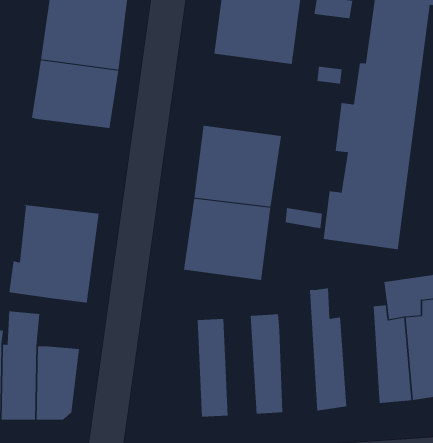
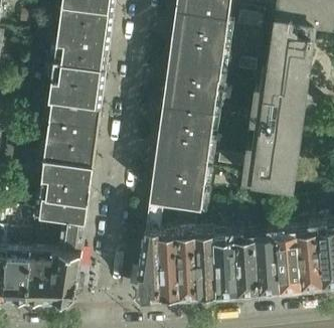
building: none -> [161,60,220,115]
building: none -> [42,104,100,166]
building: none -> [135,207,161,302]
building: none -> [173,210,196,300]
building: none -> [253,212,278,294]
building: none -> [210,217,236,298]
building: none -> [56,222,85,256]

